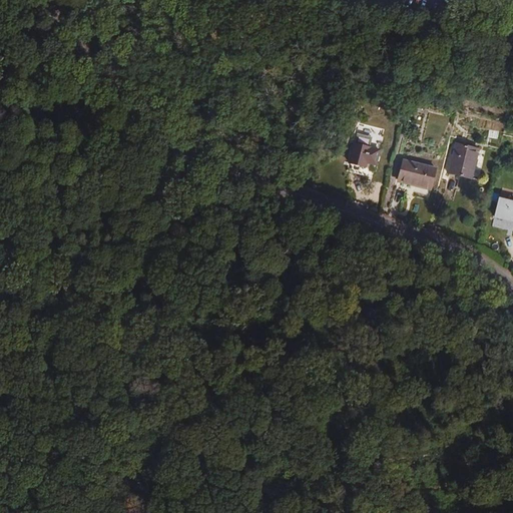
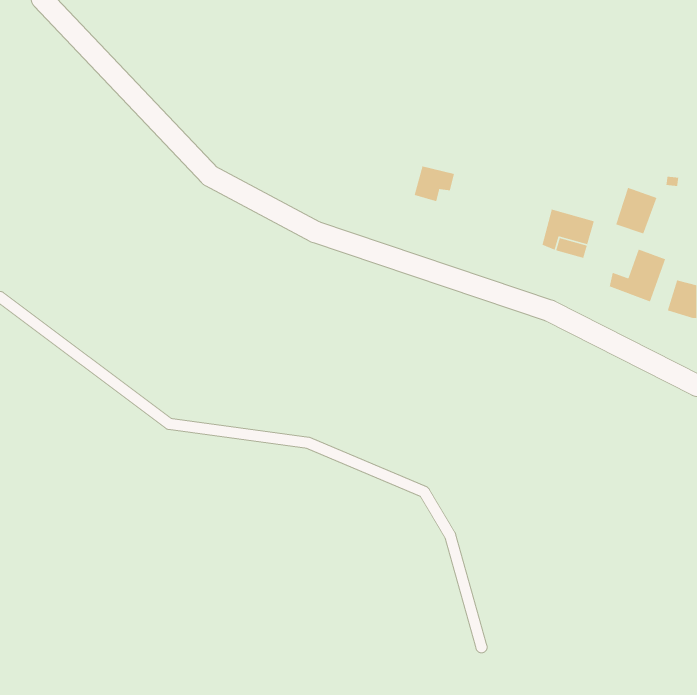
building: [349,140,379,167] -> [414,165,455,202]
building: none -> [609,249,666,303]

